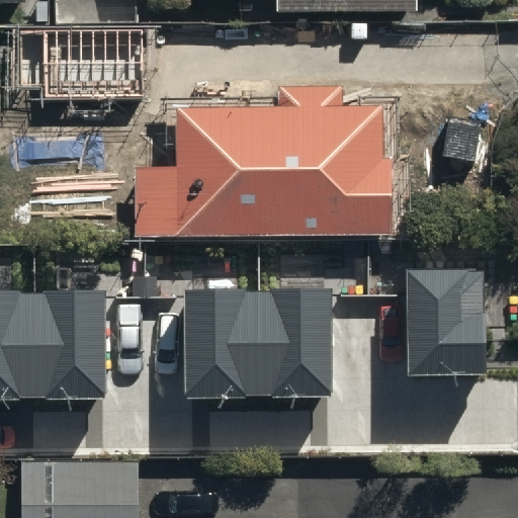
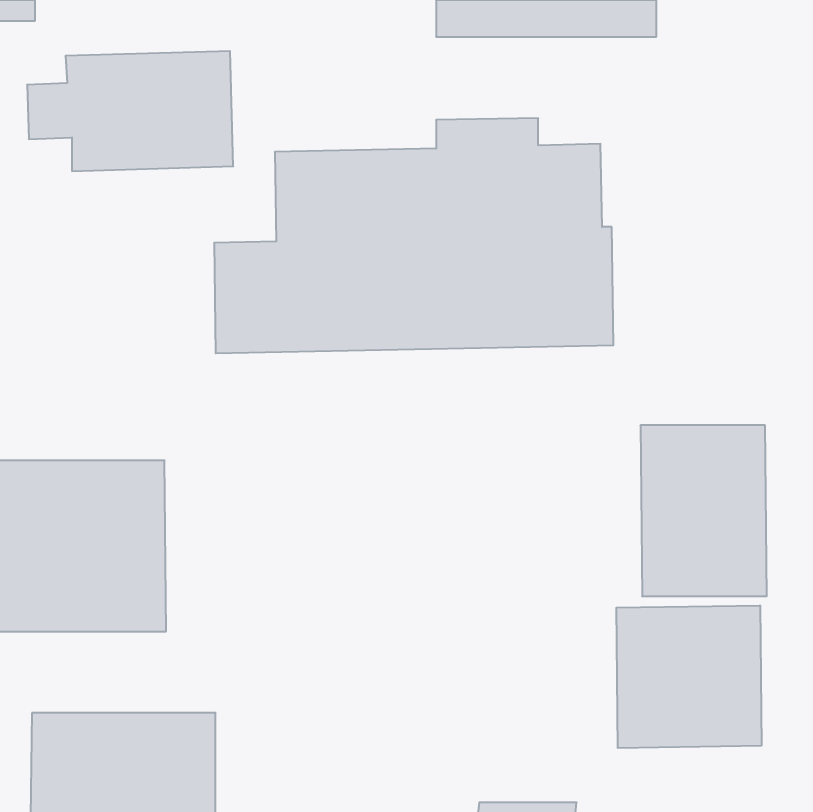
building: [183,291,331,402] -> none
building: none -> [616,605,761,748]

